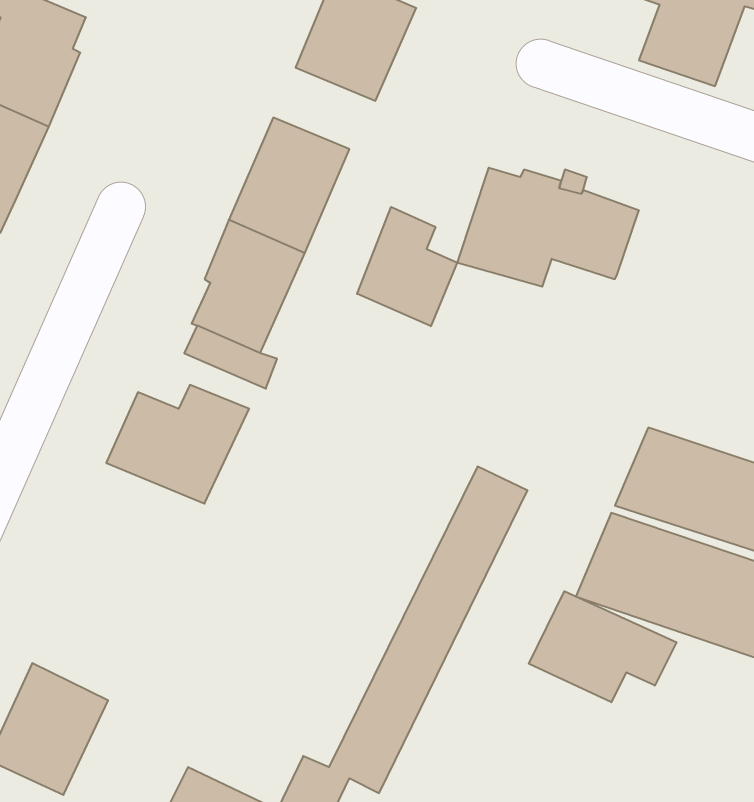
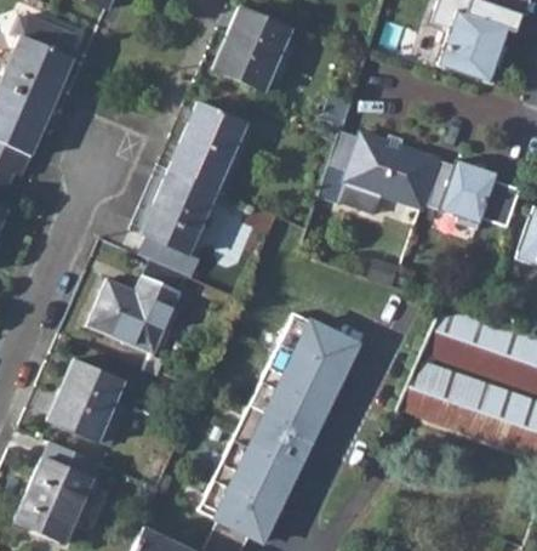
building: none -> [423,159,497,228]
building: [357,207,457,326] -> none
building: none -> [199,311,332,526]
building: none -> [48,360,128,444]
building: [529,591,677,702] -> none

